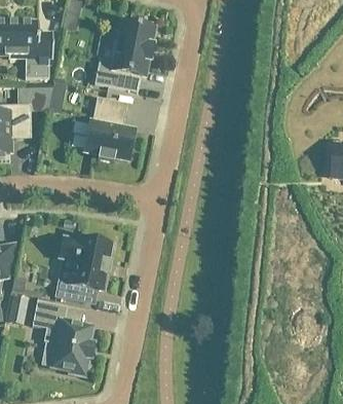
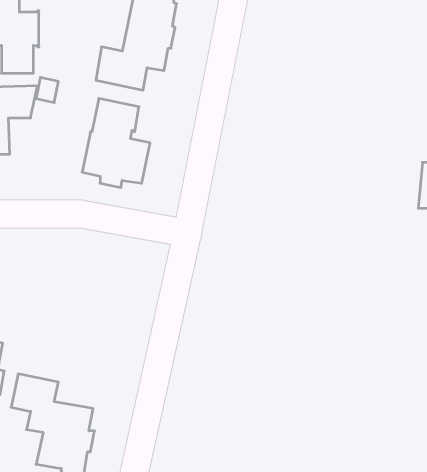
building: [55,236,112,301] -> none

